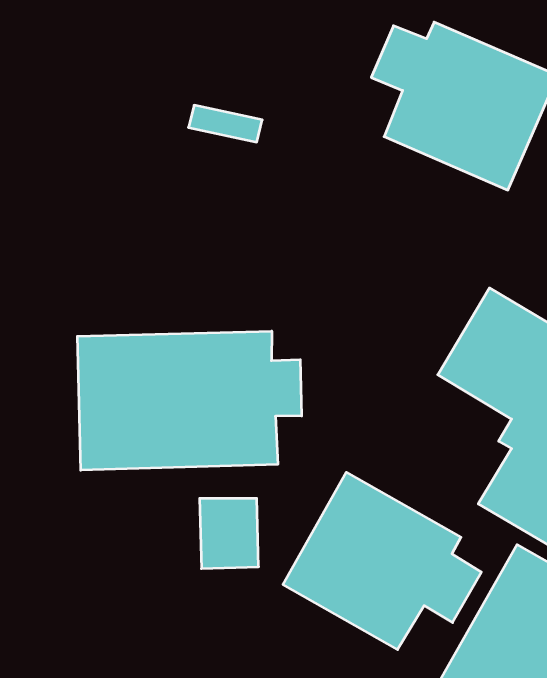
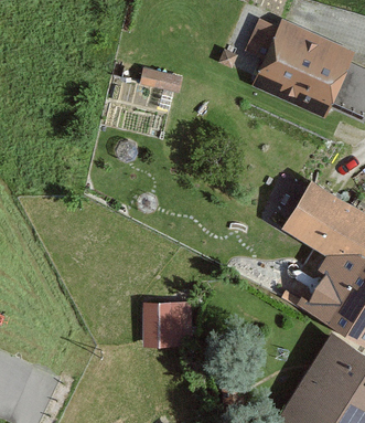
building: [77,331,302,470] -> none
building: [283,472,481,650] -> none

